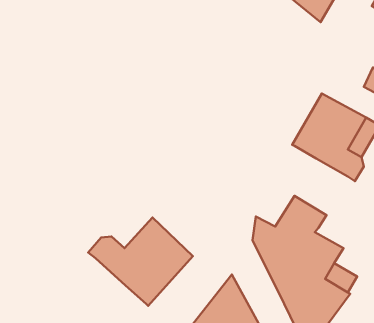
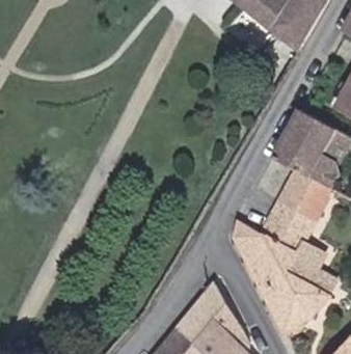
building: none -> [273,171,322,223]
building: [88,217,193,306] -> none

